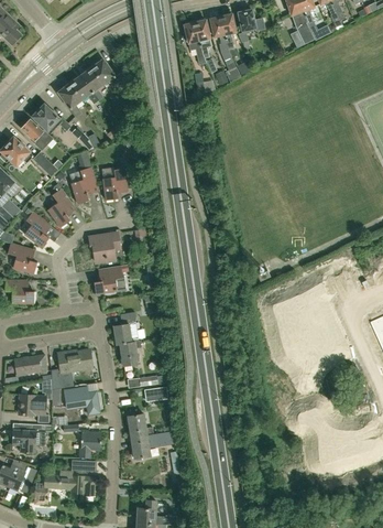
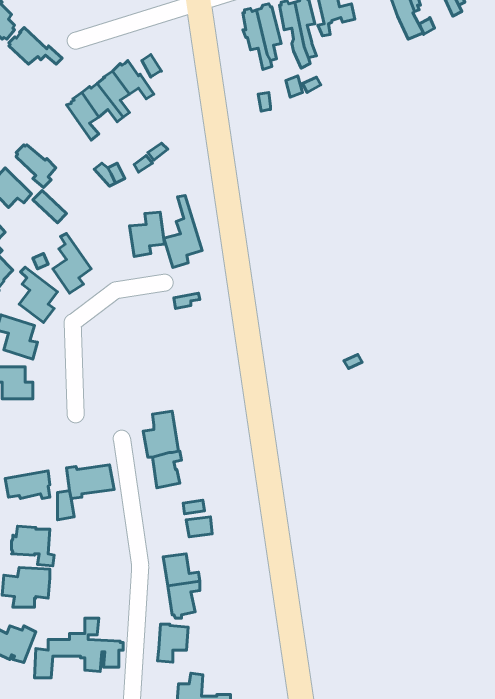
building: [33,103,72,129] -> [9,28,62,64]
building: [72,151,99,203] -> [164,195,202,267]
building: [90,231,121,261] -> none
building: [95,263,129,293] -> none
building: [64,386,100,413] -> none
building: [79,430,101,457] -> [157,624,188,662]

